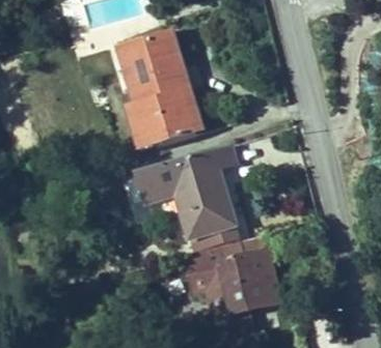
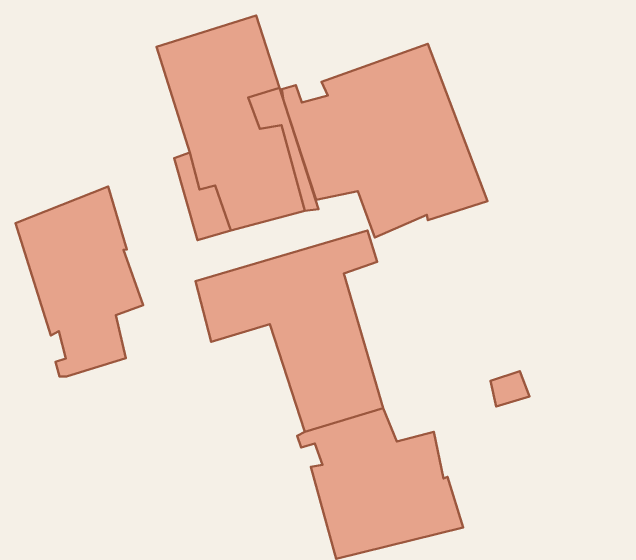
building: none -> [282,44,488,237]
building: none -> [16,187,143,377]

